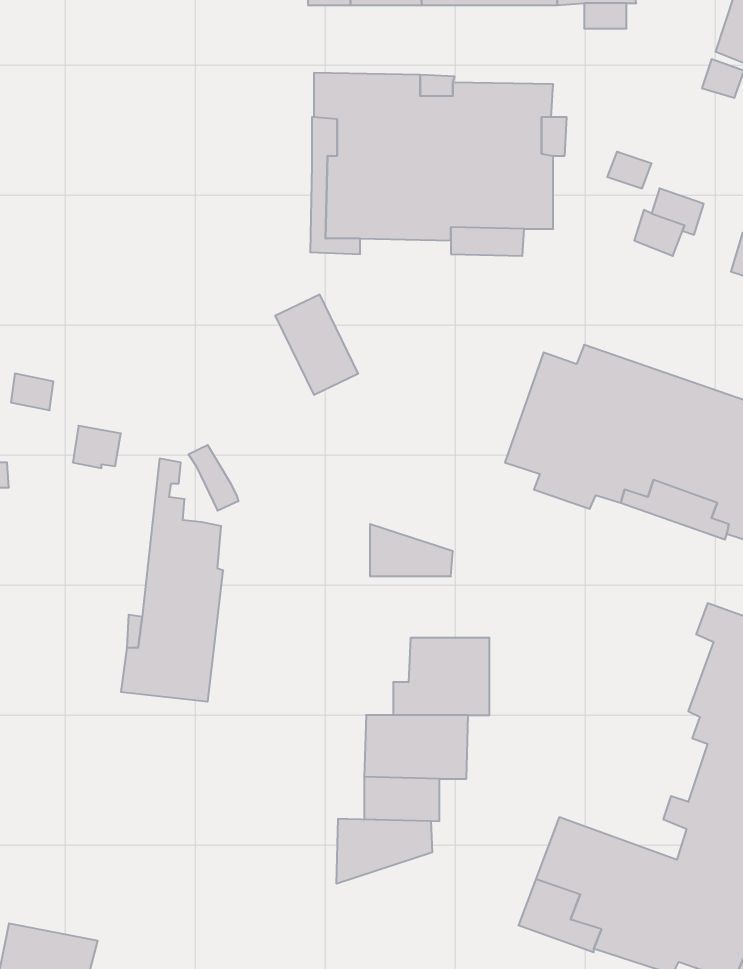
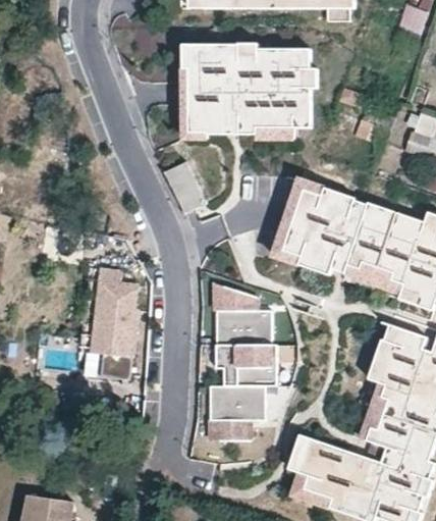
building: none -> [271,176,326,265]
building: none -> [216,309,271,342]
building: [337,819,432,884] -> none

